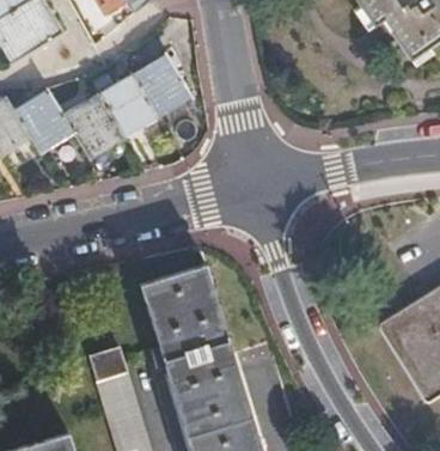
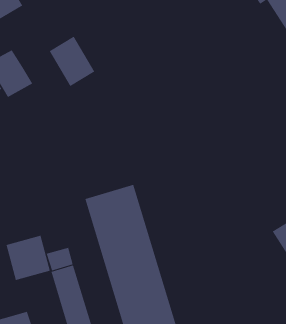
building: [128,50,190,117] -> none
building: [61,91,122,158] -> none
building: none -> [6,235,51,281]

